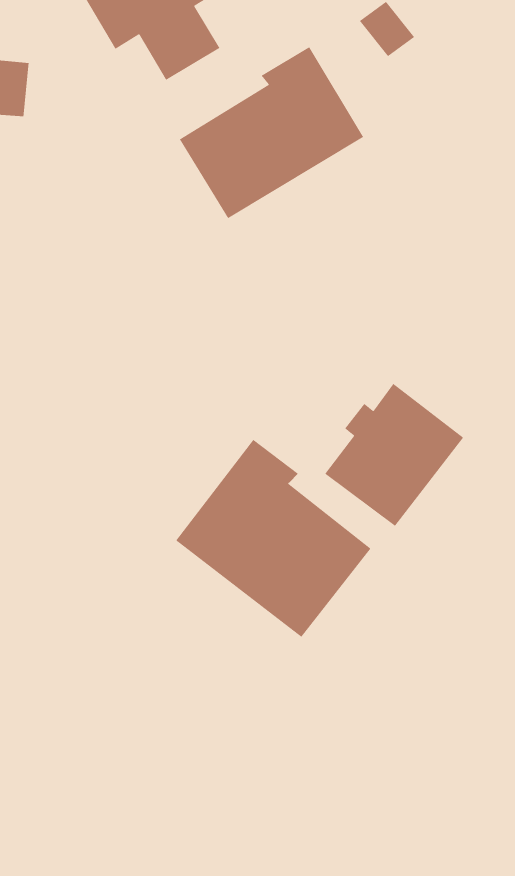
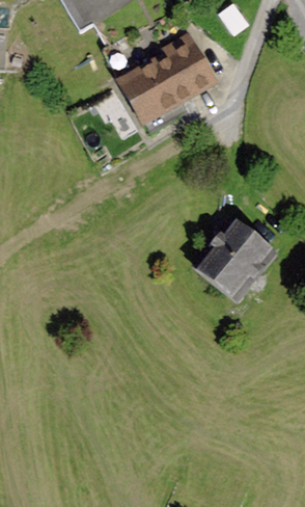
building: [175,439,371,638] -> none

